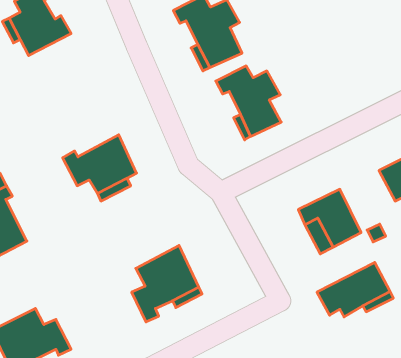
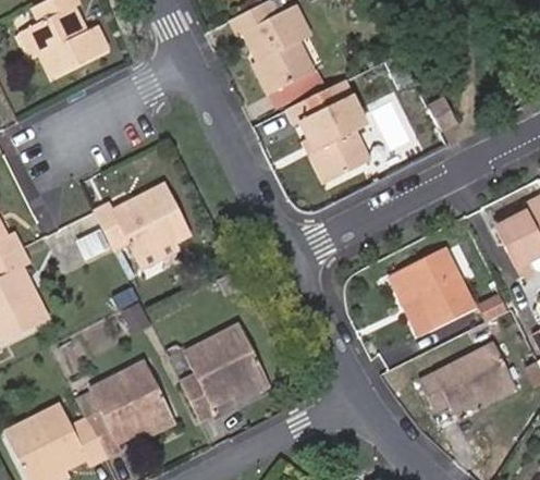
building: none -> [83,360,170,455]

